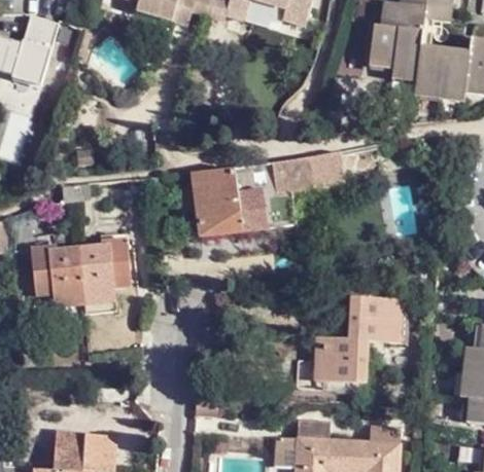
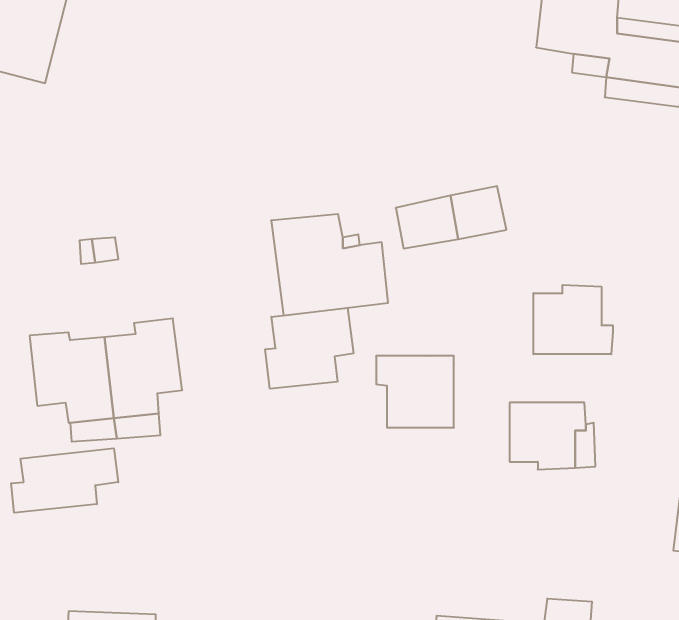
building: none -> [533,285,613,354]
building: none -> [265,308,353,389]
building: none -> [11,448,118,513]
building: [315,334,367,382] -> [376,356,454,428]

